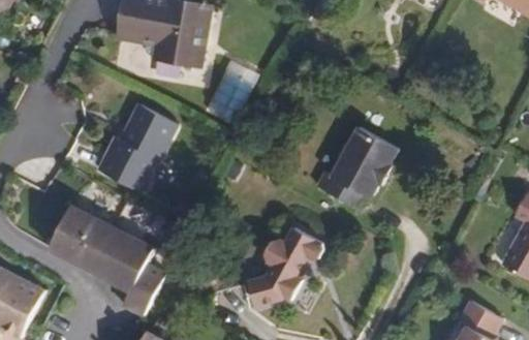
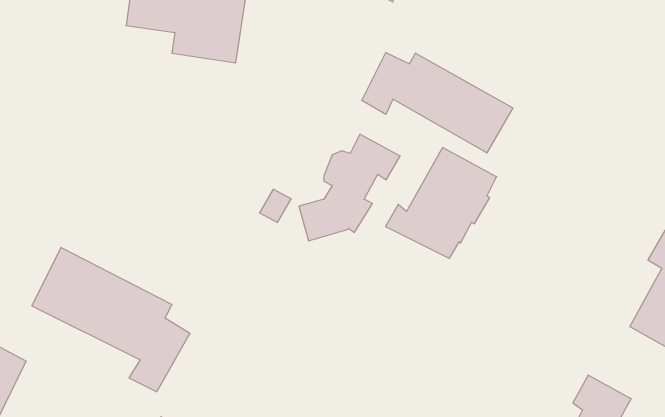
building: none -> [362,53,513,153]
building: [97,99,180,190] -> none
building: [247,229,322,309] -> [299,134,400,241]

